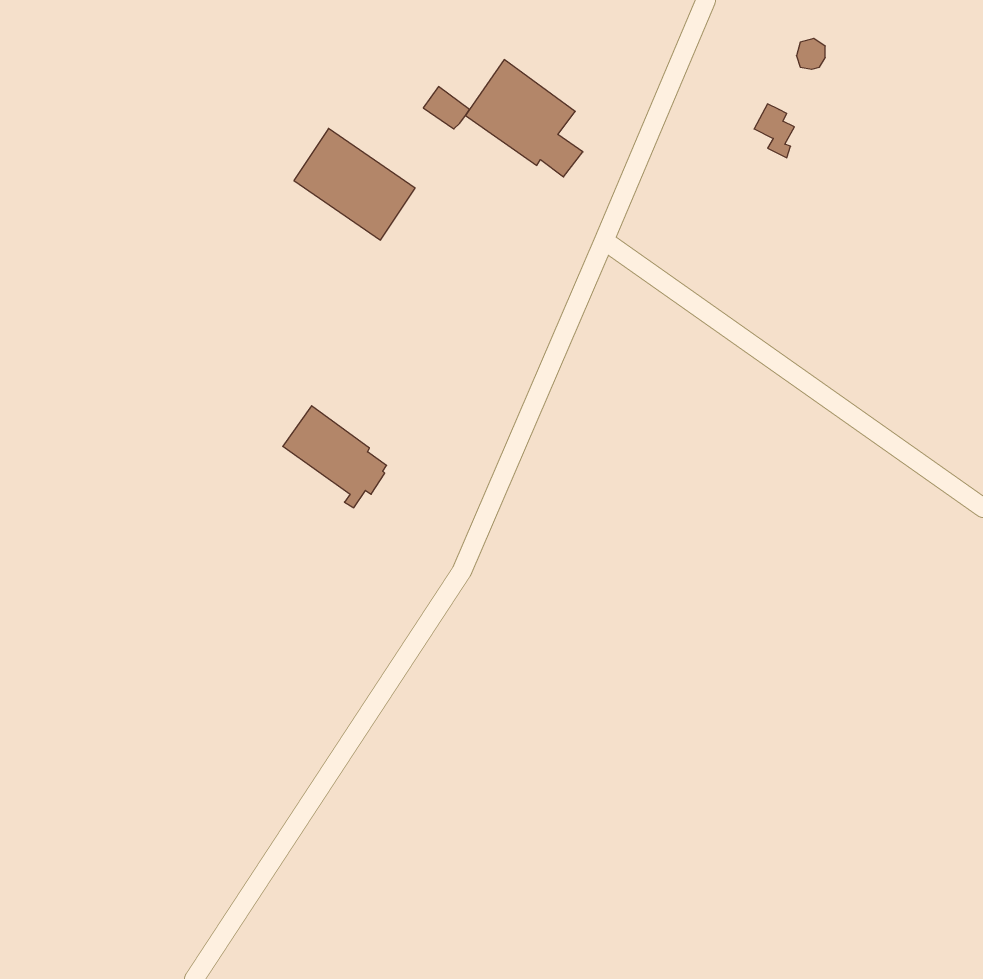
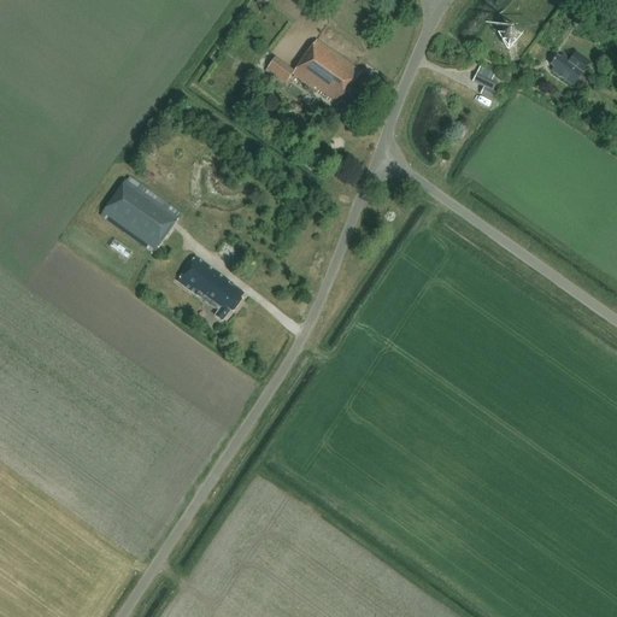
building: none -> [552,51,590,83]
building: [294,128,415,240] -> [101,178,177,248]

